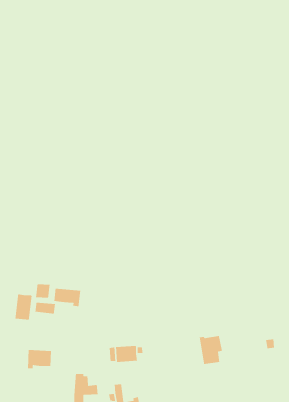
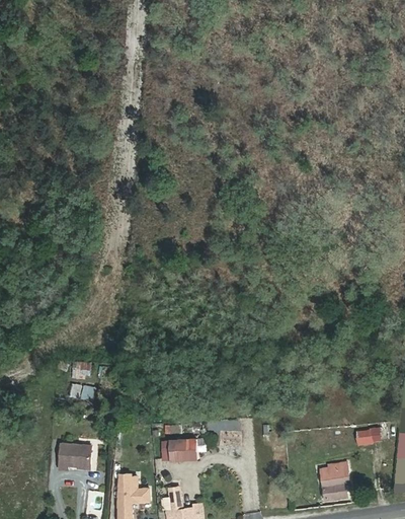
building: [53,288,81,307] -> none
building: [15,293,32,320] -> none
building: [199,335,223,365] -> [322,462,352,500]

